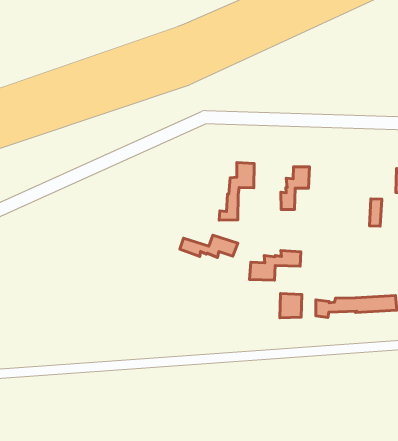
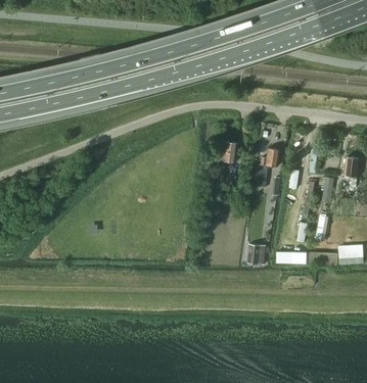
building: [180,235,238,257] -> none
building: [250,250,301,280] -> none

